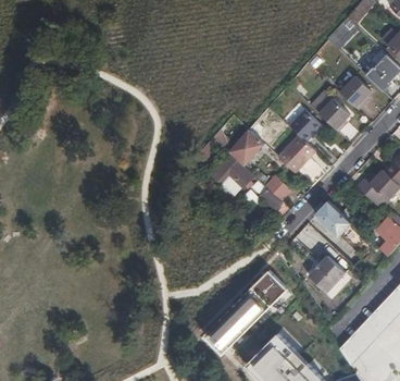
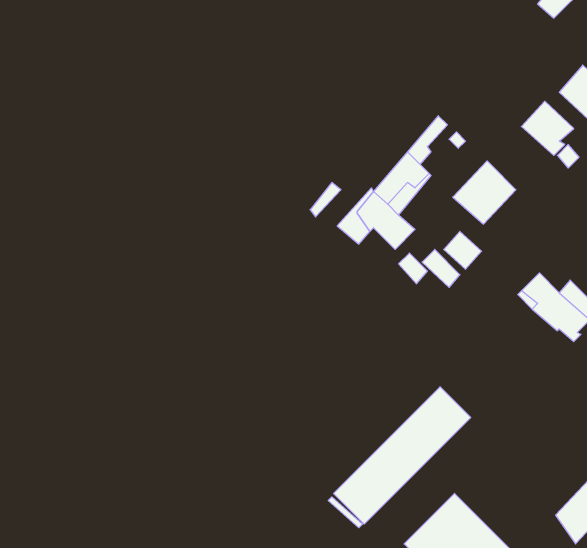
building: [289,109,321,142] -> none
building: [309,256,345,292] -> none

